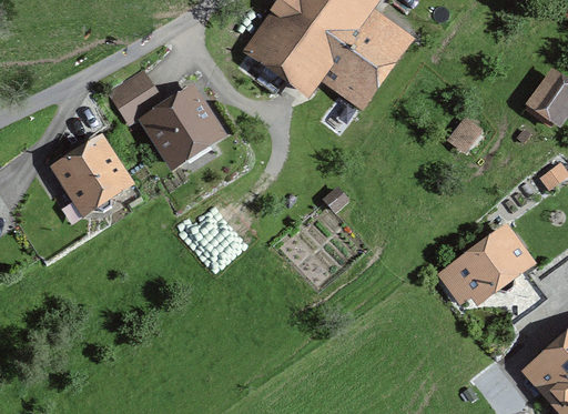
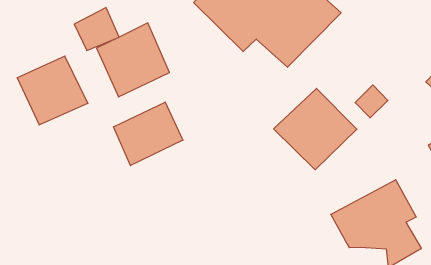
building: none -> [274,88,357,170]
building: none -> [114,102,183,166]

